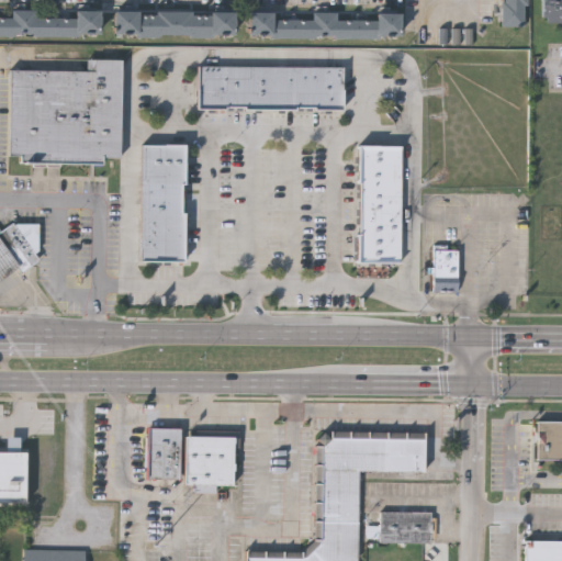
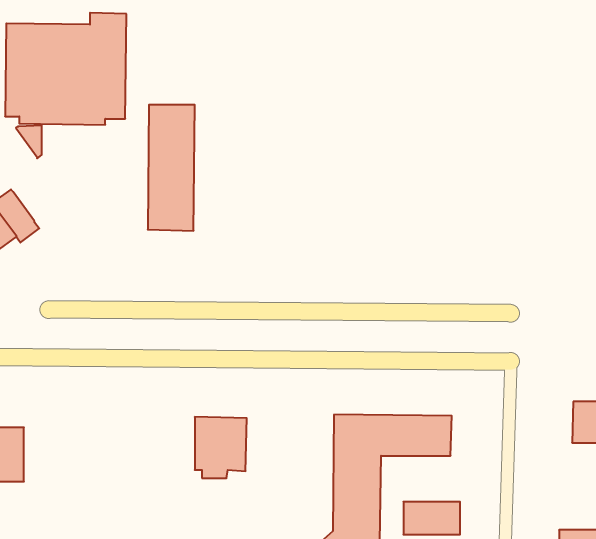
building: [198,66,342,110] -> none
building: [360,145,404,261] -> none
building: [18,223,42,254] -> [16,125,42,158]
building: [434,251,459,293] -> none
building: [148,426,180,478] -> none

